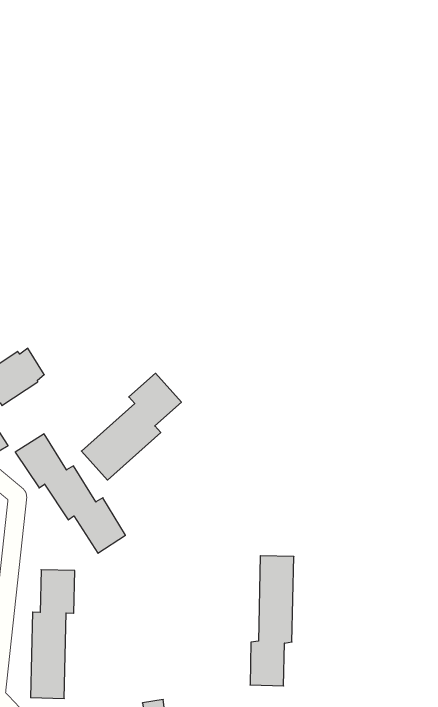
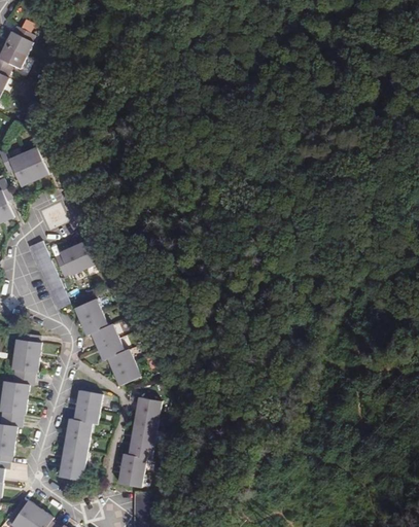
building: [81,373,181,480] -> none
building: [250,556,294,686] -> [118,396,162,487]

